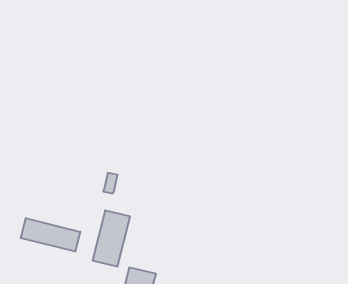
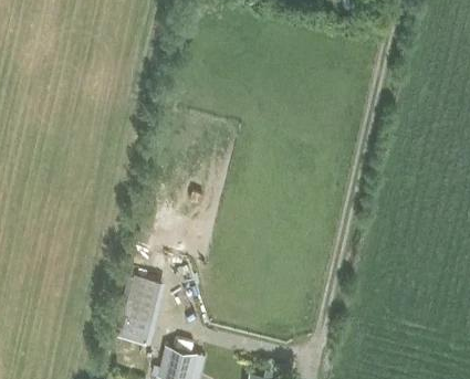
building: [21,218,80,252] -> none

